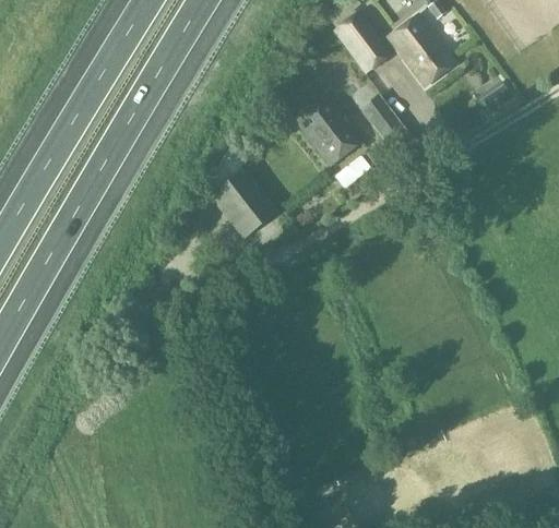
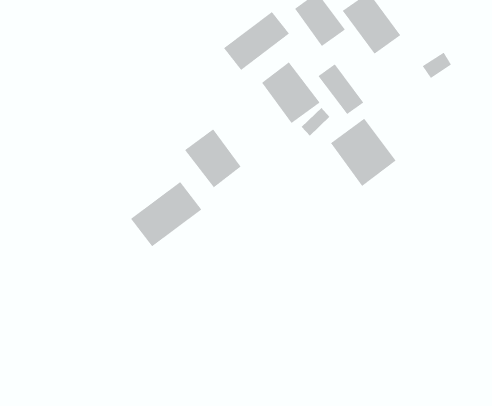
building: none -> [223,11,290,71]
building: none -> [330,118,396,187]
building: none -> [130,181,202,247]

